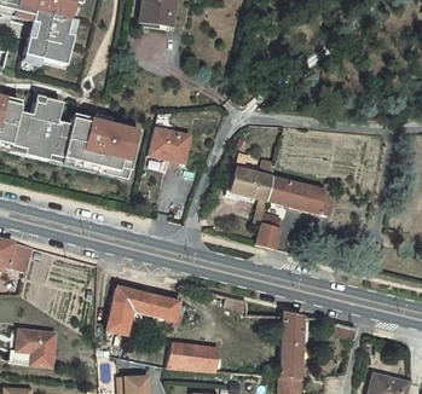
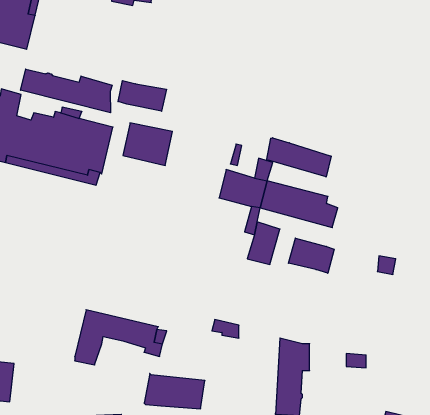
building: none -> [21,69,112,113]
building: none -> [118,81,166,111]
building: none -> [267,138,331,177]
building: none -> [288,238,334,273]

